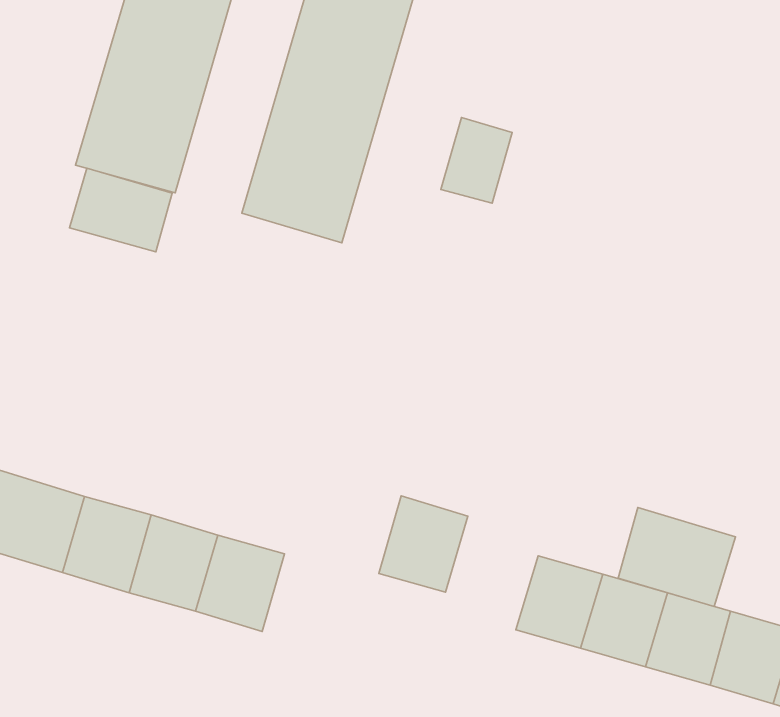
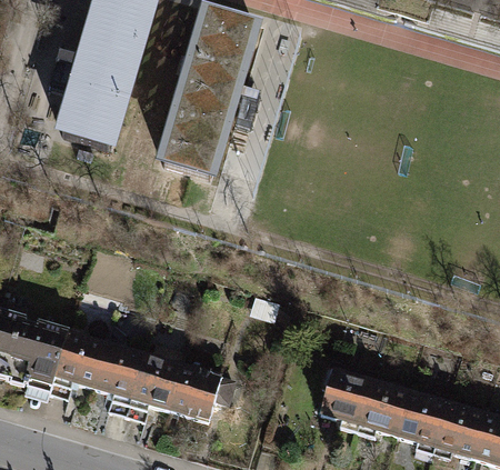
building: [441,117,512,203] -> none
building: [70,168,172,252] -> none
building: [379,496,468,592] -> [167,364,220,422]
building: [618,507,736,606] -> none

